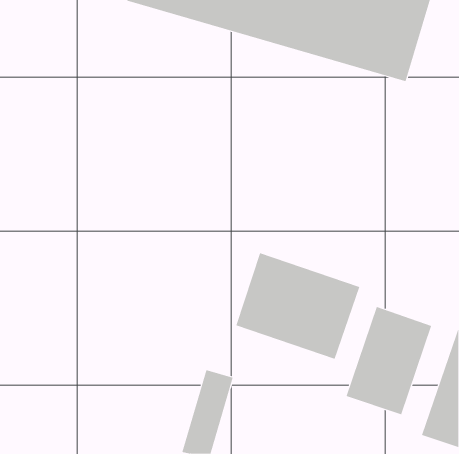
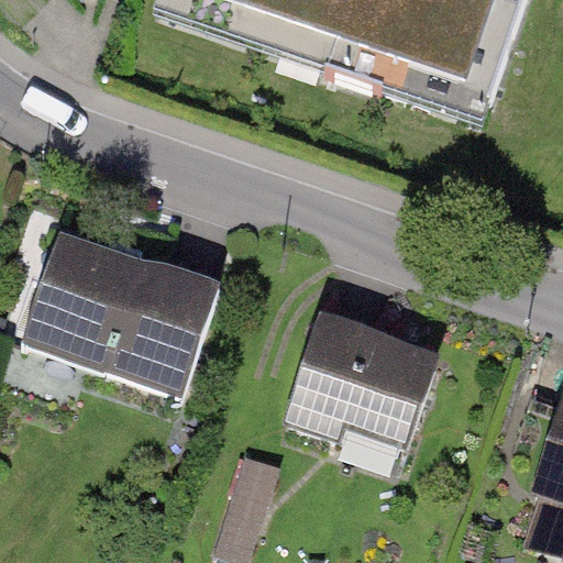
building: none -> [22,229,217,393]
building: [346,306,432,415] -> none

